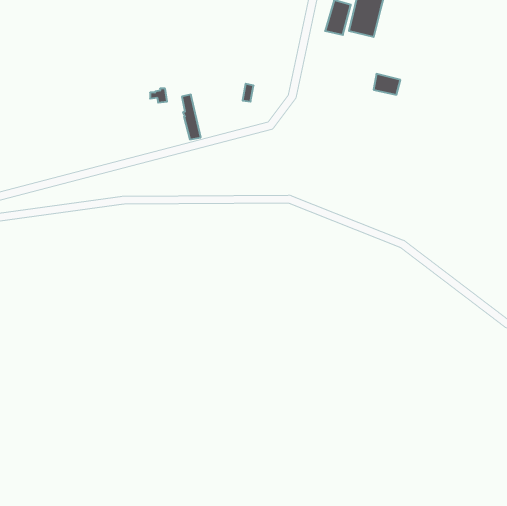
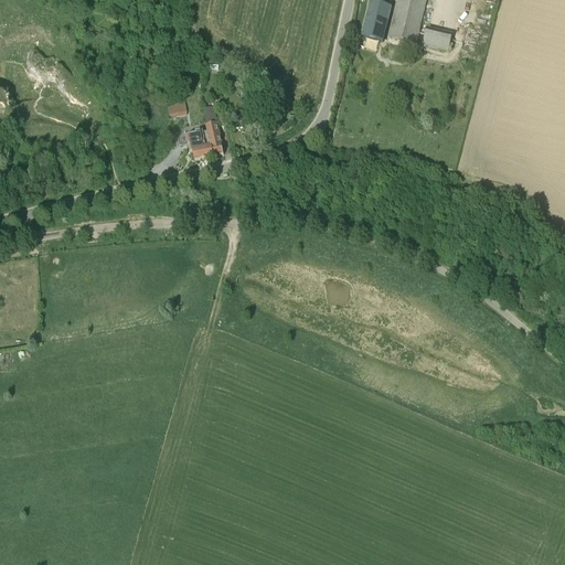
building: [374,74,400,95] -> [423,25,452,49]
building: none -> [185,128,211,159]

